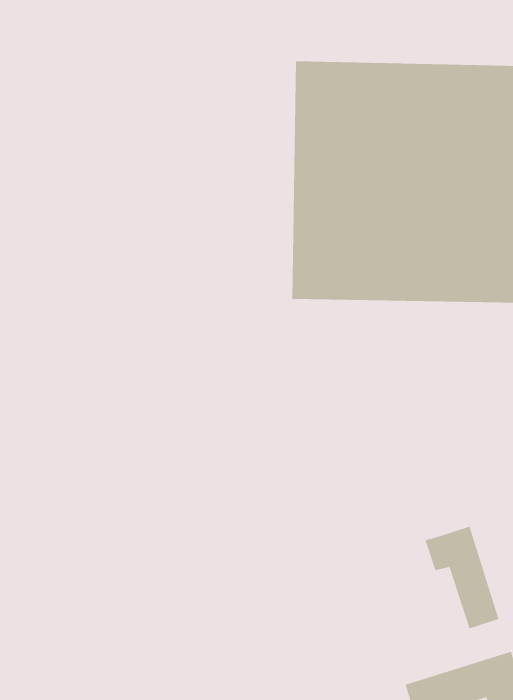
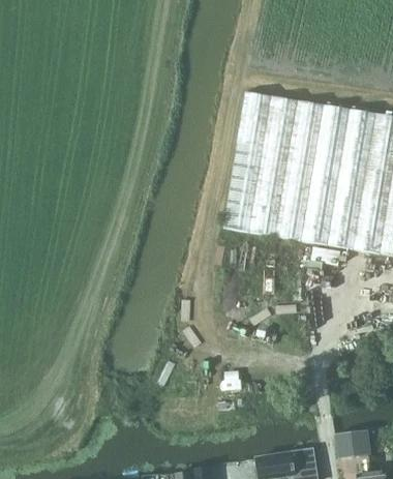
building: [425,526,499,629] -> none

